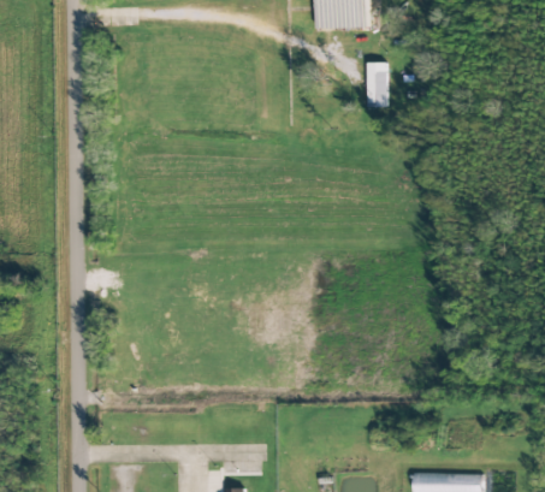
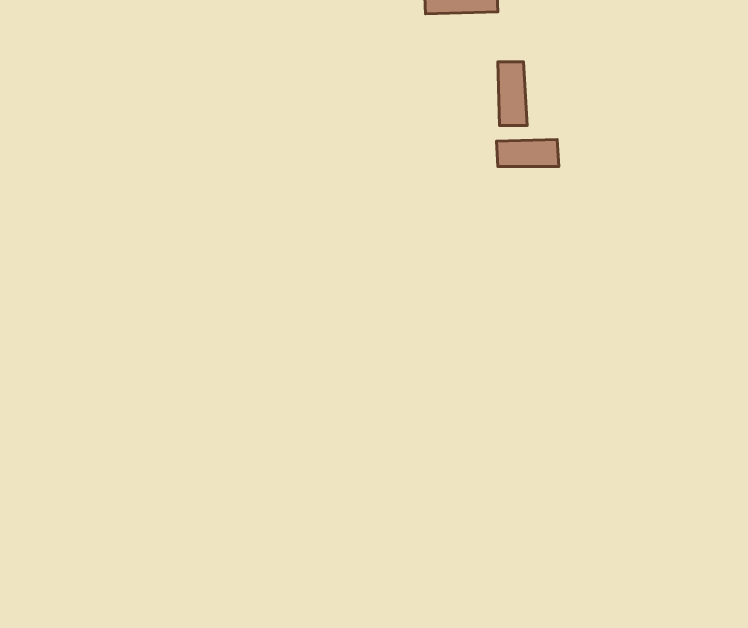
building: none -> [496,140,559,167]

